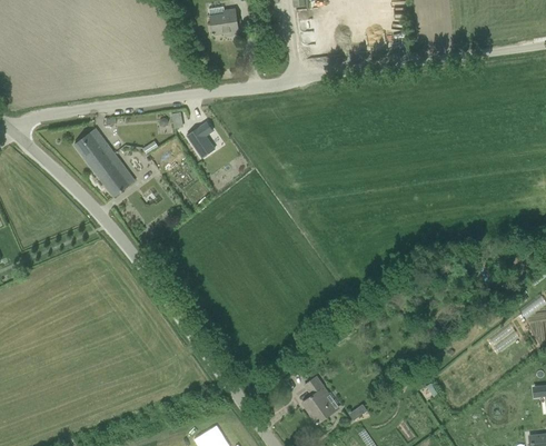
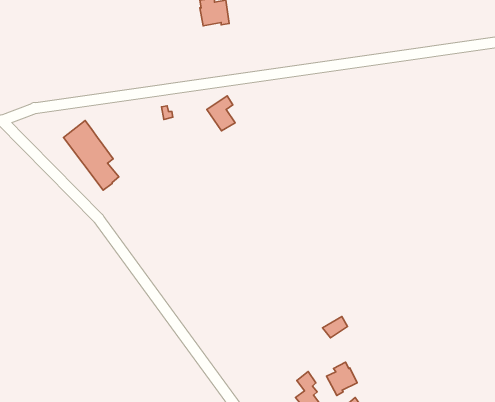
building: [187,122,215,157] -> [207,96,235,131]
building: none -> [326,362,357,395]

